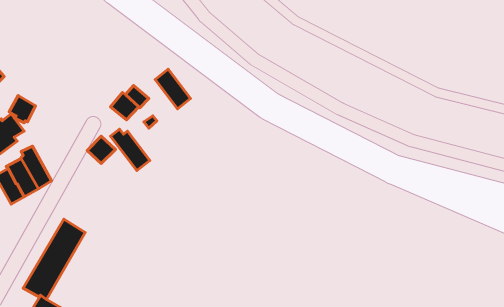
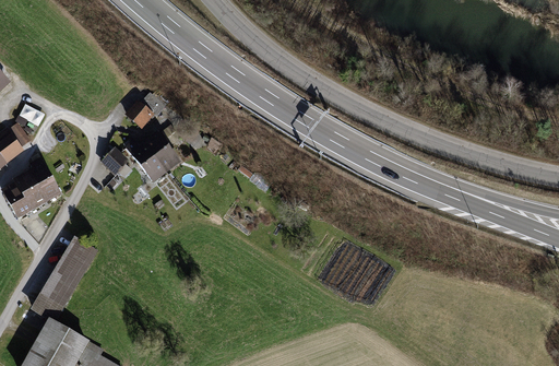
building: [155,69,191,109] -> [143,131,181,174]

